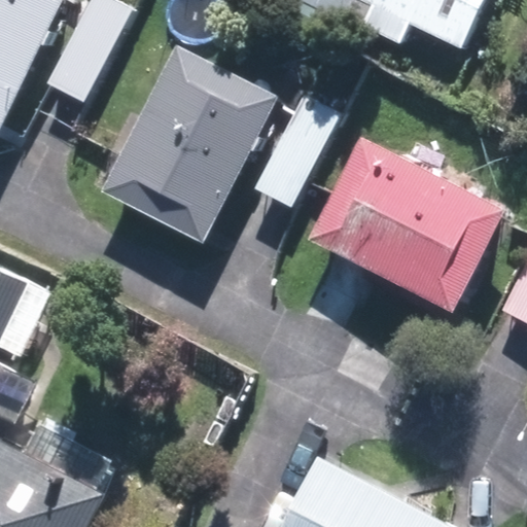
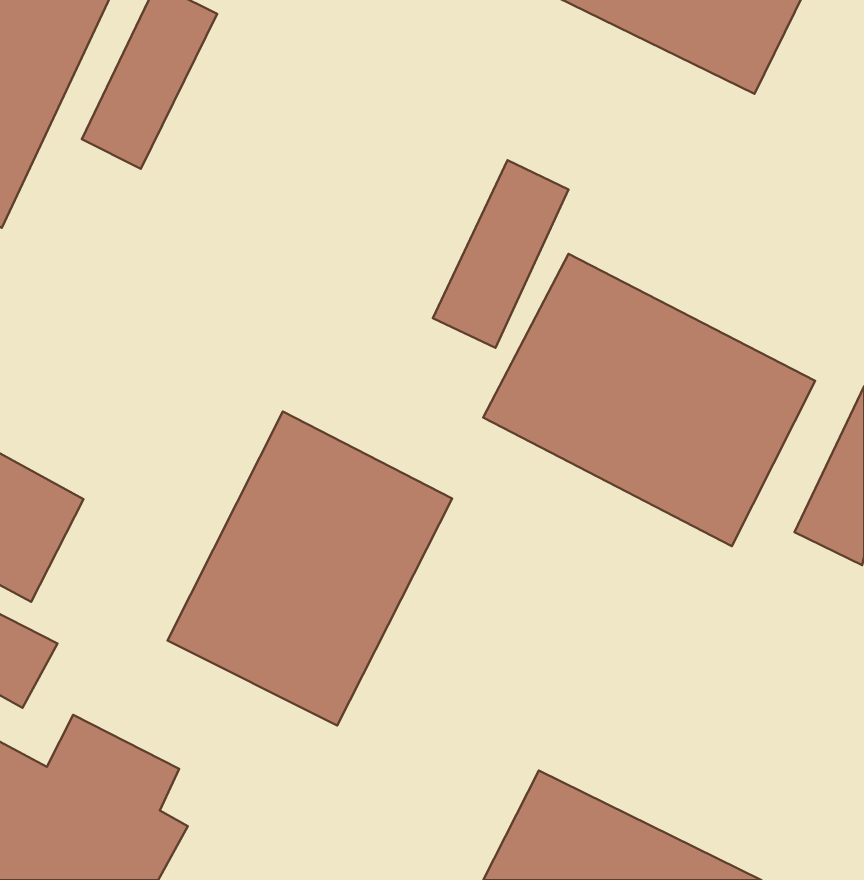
building: [107,46,281,242] -> none
building: none -> [168,411,452,725]

